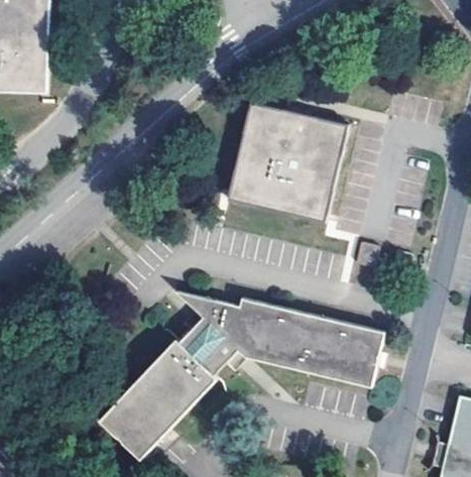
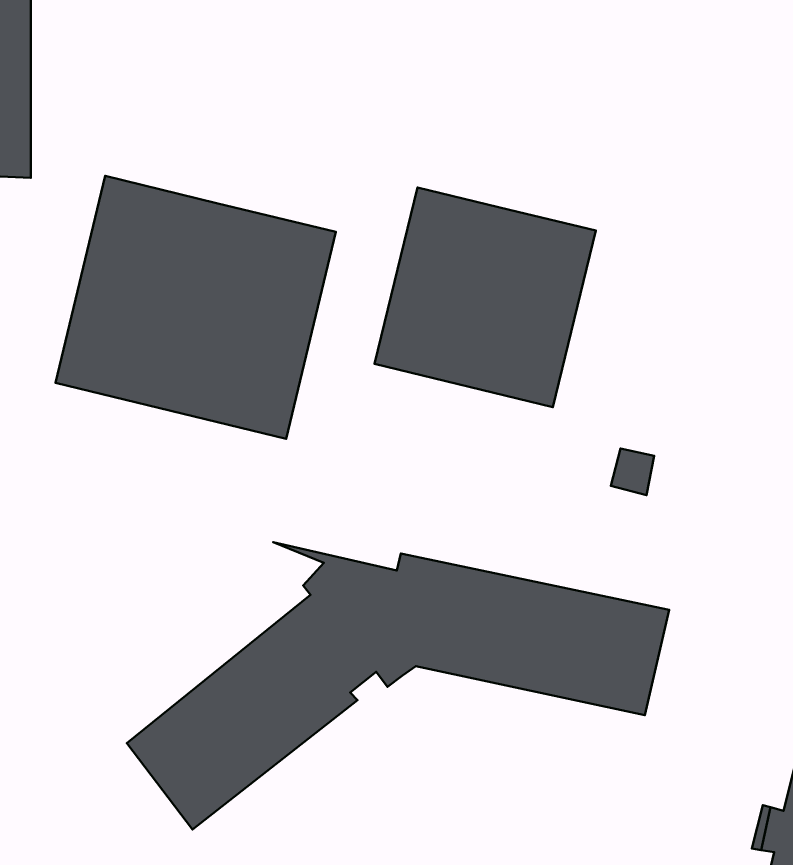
building: none -> [56,176,336,439]

